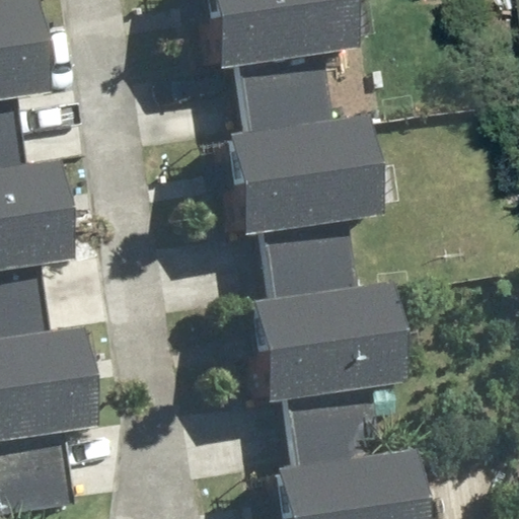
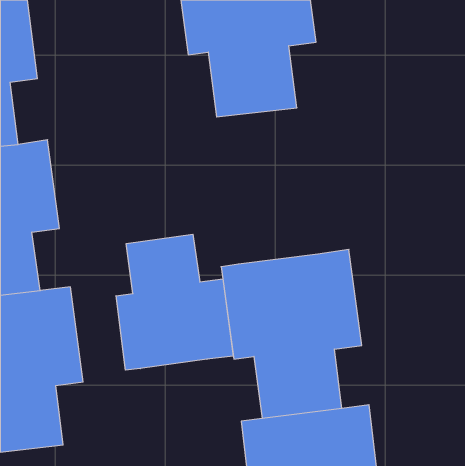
building: [223,116,377,294] -> none
building: none -> [116,234,233,370]

